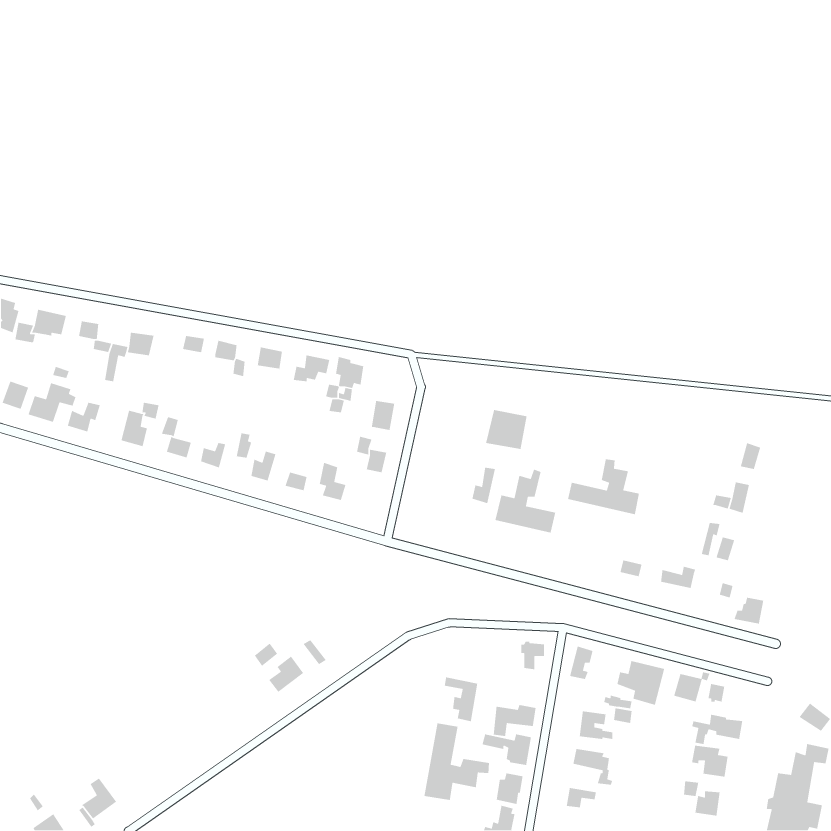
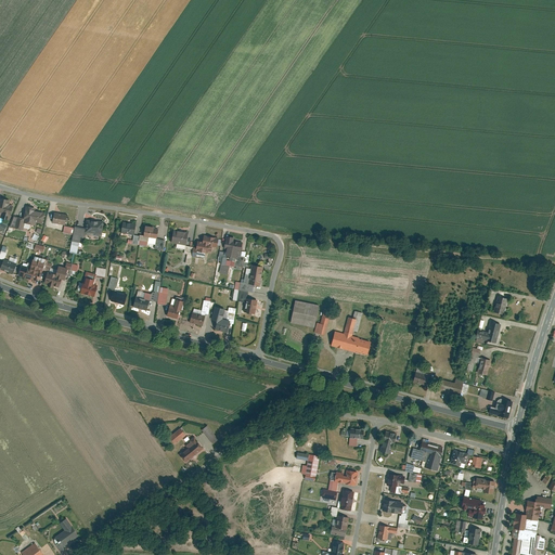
building: [485,409,528,450] -> [289,300,318,327]
building: [567,458,640,515] -> none
building: [423,722,490,801] -> none

